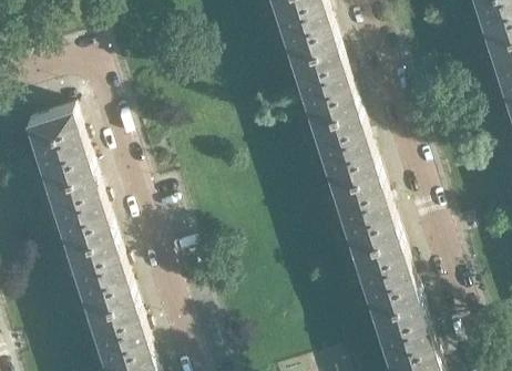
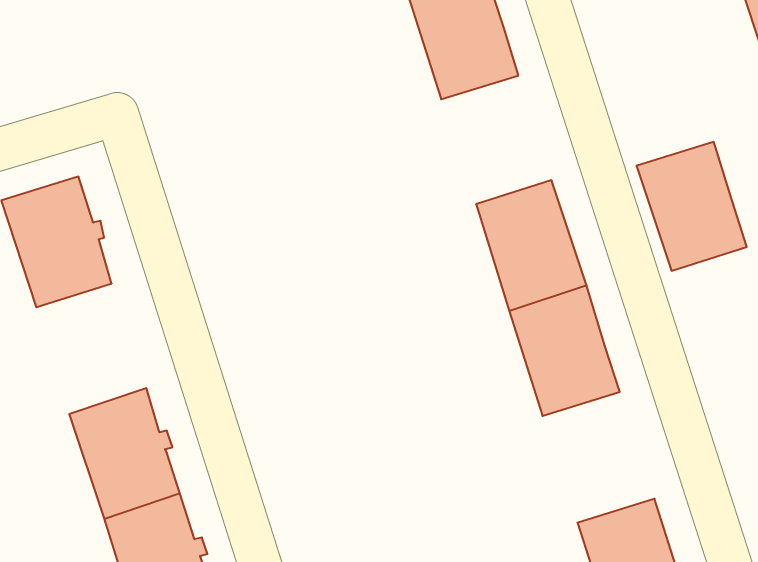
building: [290,50,357,127] -> [636,142,747,271]
building: [47,175,113,254] -> none
building: [351,240,419,319] -> none

